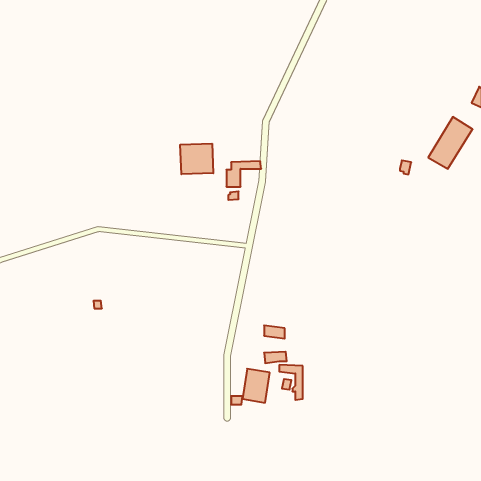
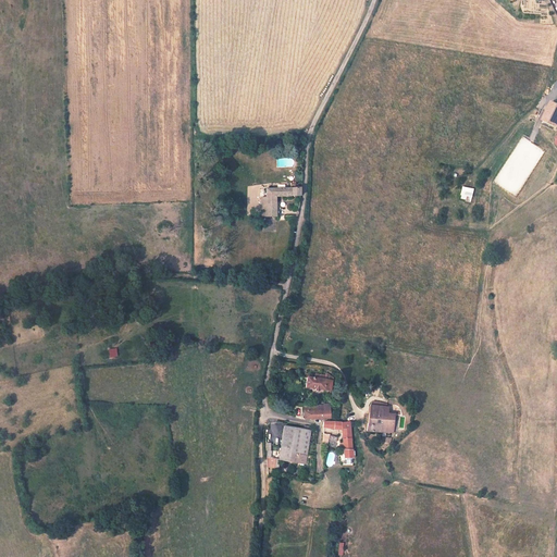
building: [180,144,213,174] -> none
building: none -> [368,404,393,430]

